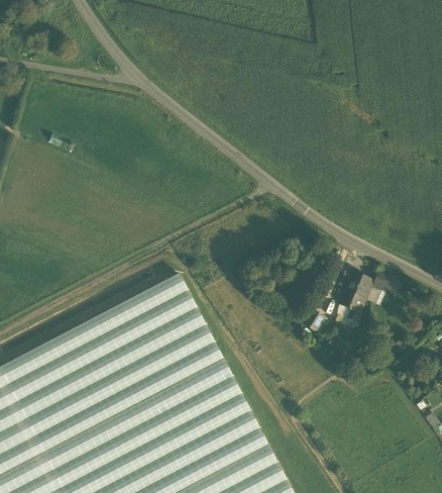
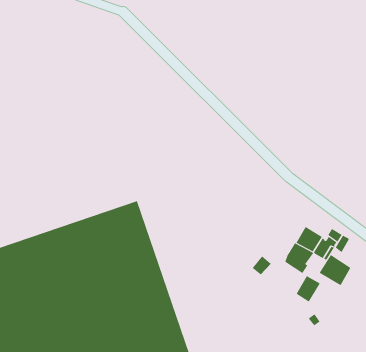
building: none -> [319,254,351,286]
building: none -> [296,276,321,302]

